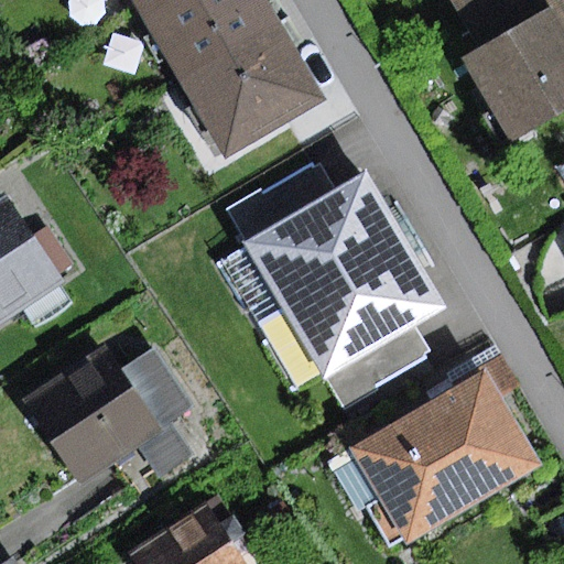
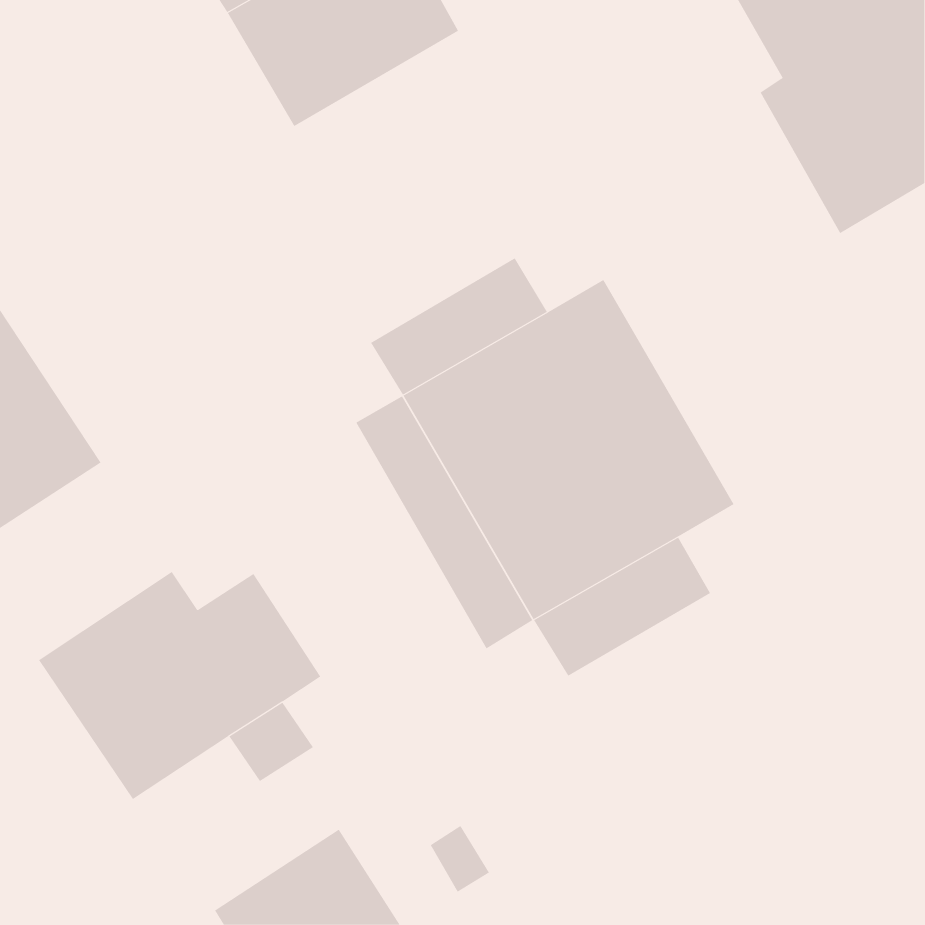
building: [178,19,327,160] -> none
building: [351,370,542,545] -> none

